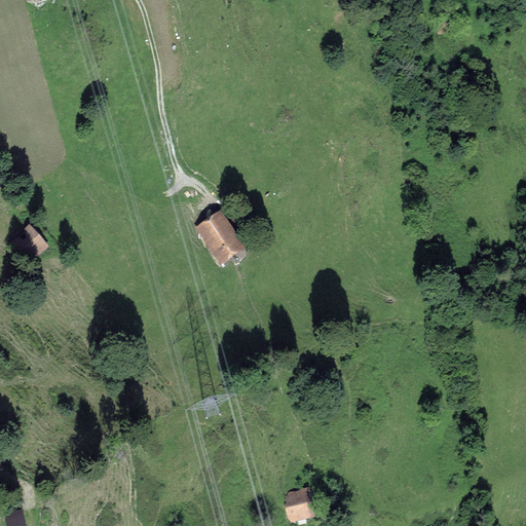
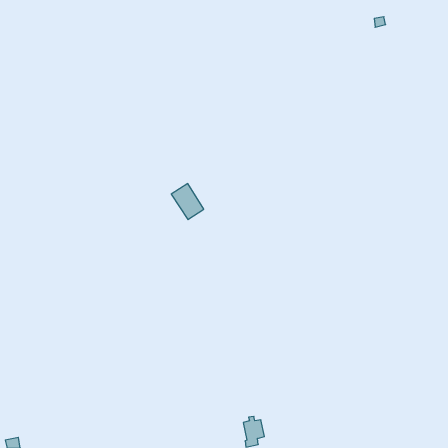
building: [13,225,45,260] -> none

